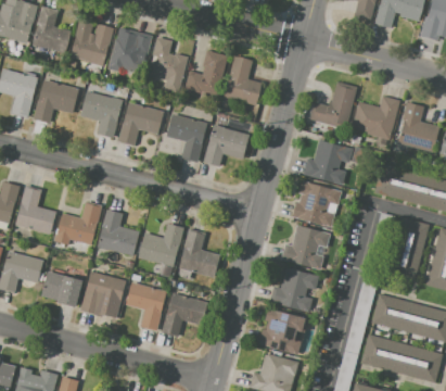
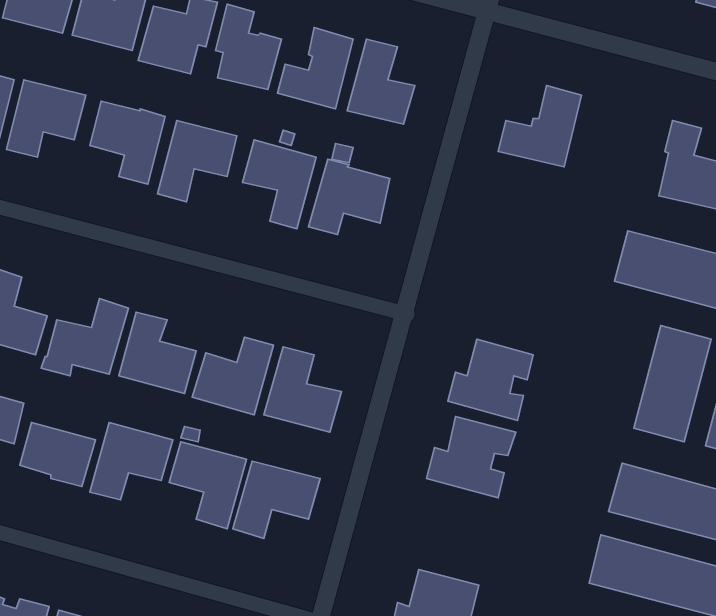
building: [354,97,400,140] -> none
building: [304,140,352,186] -> none
building: [292,180,341,228] -> none
building: [259,308,307,354] -> none

